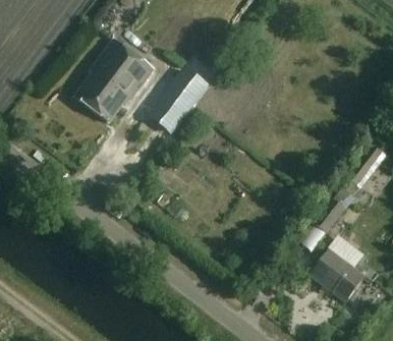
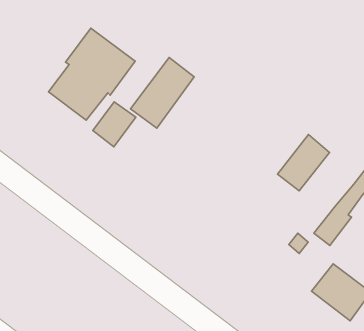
building: none -> [93,102,136,147]
building: none -> [277,135,330,191]

